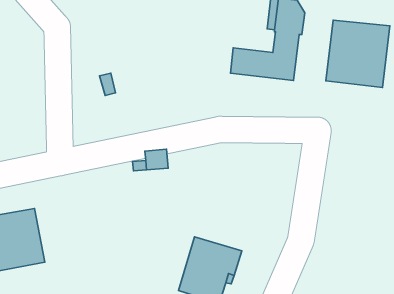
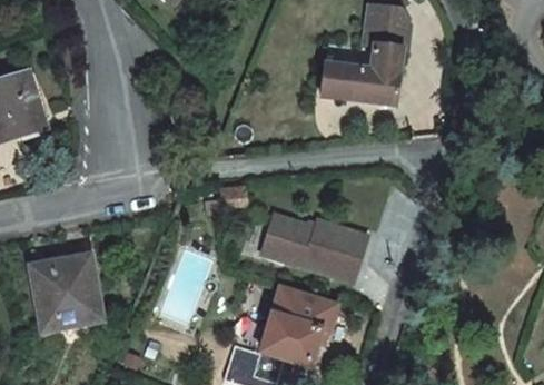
building: [326,20,390,87] -> none
building: none -> [260,214,366,280]

